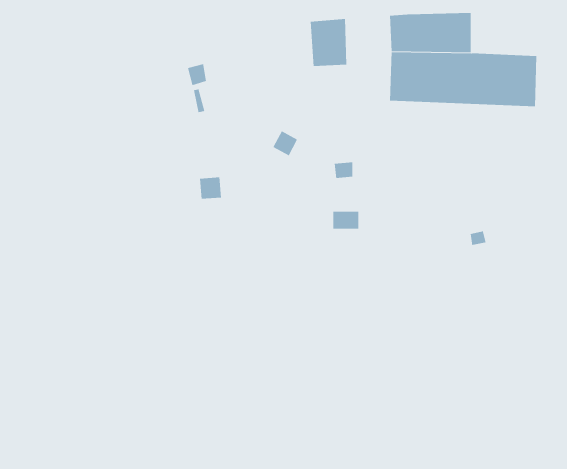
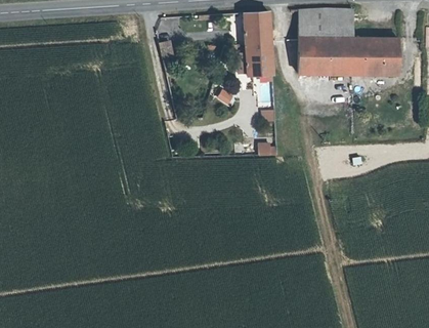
building: none -> [247,46,272,79]

